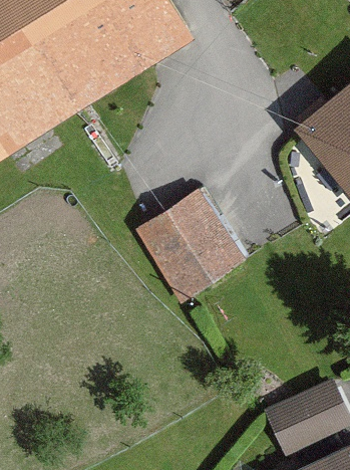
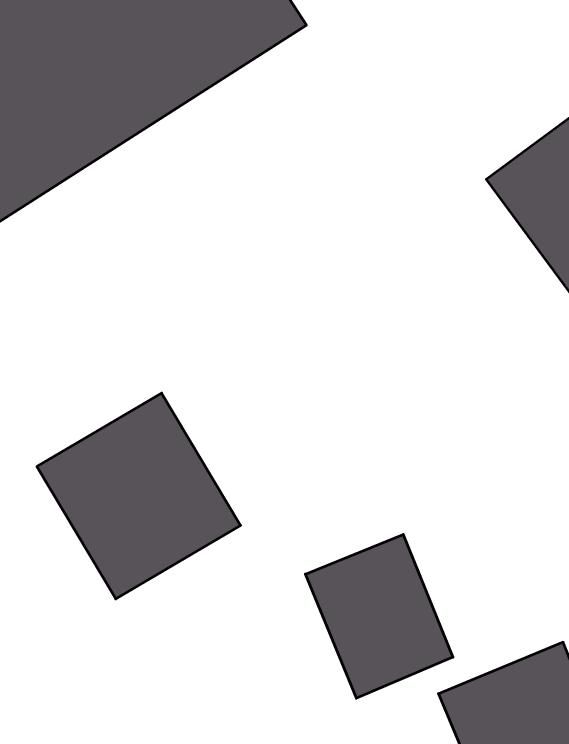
building: [134,188,246,300] -> [37,393,241,599]
building: none -> [305,534,453,698]

